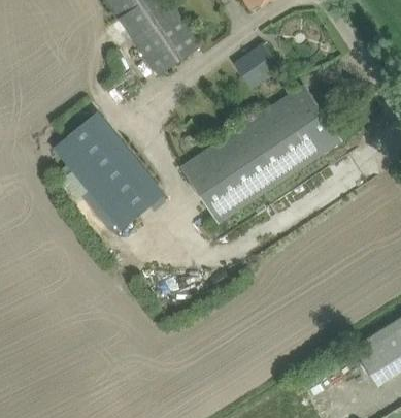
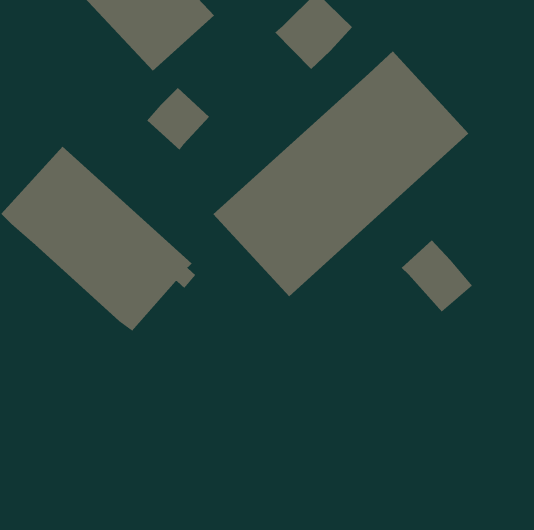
building: none -> [146,87,210,150]
building: none -> [401,240,473,312]

